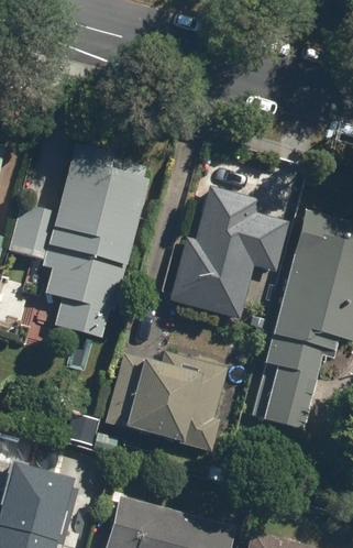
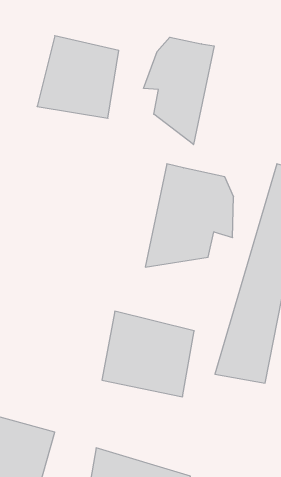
building: none -> [144,37,214,145]
building: [53,160,144,252] -> [37,36,119,118]
building: [42,259,118,332] -> none

